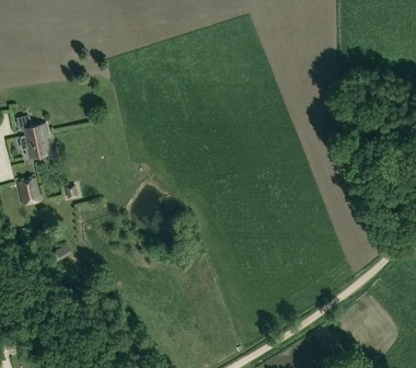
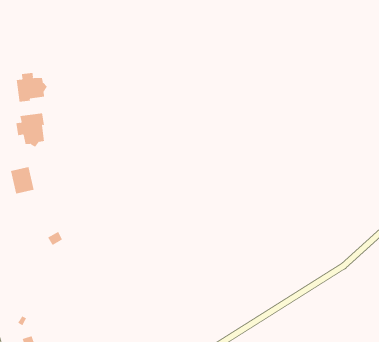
building: none -> [16,72,48,102]

